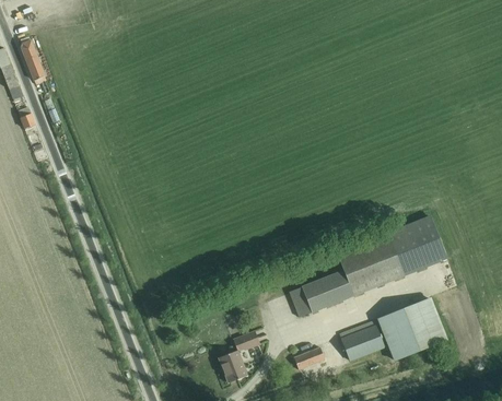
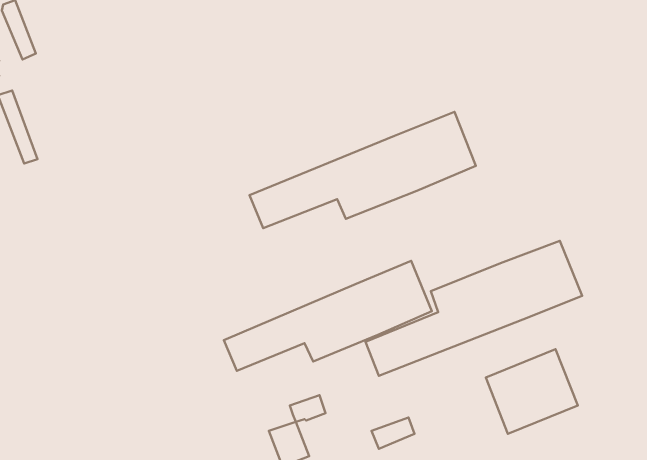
building: none -> [250,112,476,228]
building: none -> [224,261,432,371]
building: [340,326,384,361] -> none

